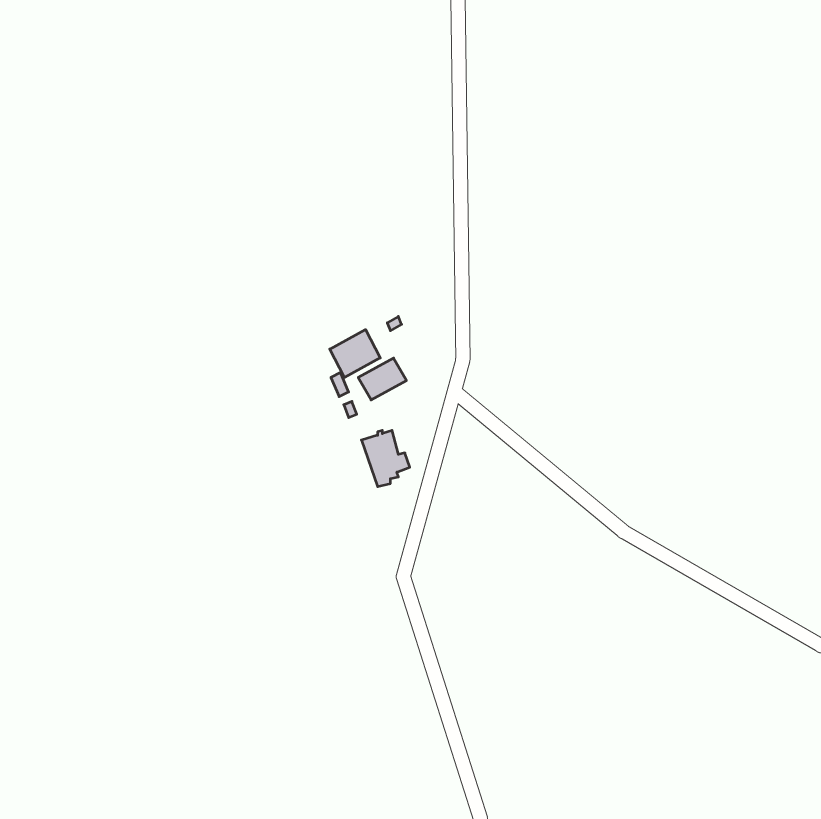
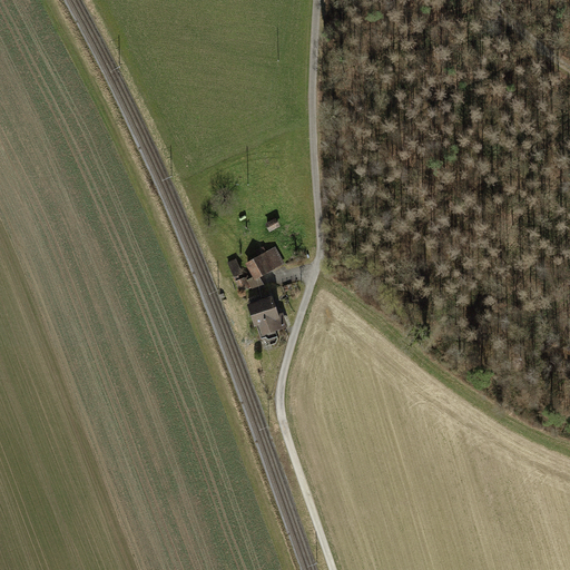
building: [330,330,380,377] -> none

